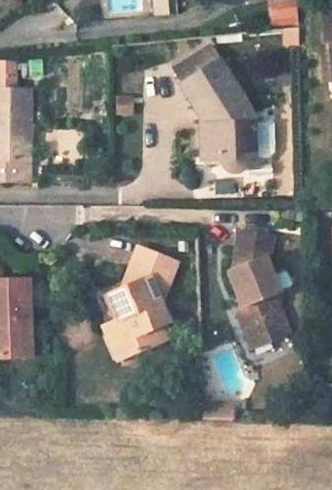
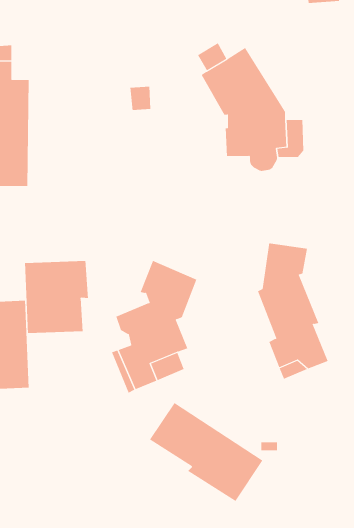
building: none -> [25,260,88,334]
building: none -> [149,402,263,502]

